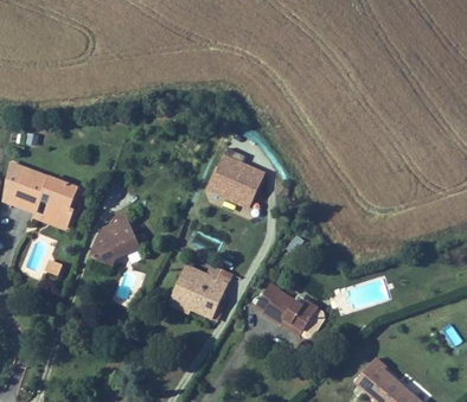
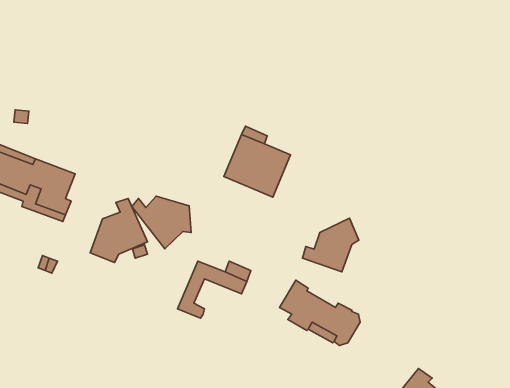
building: none -> [132,196,191,249]
building: none -> [302,218,359,272]
building: [180,279,223,320] -> none

